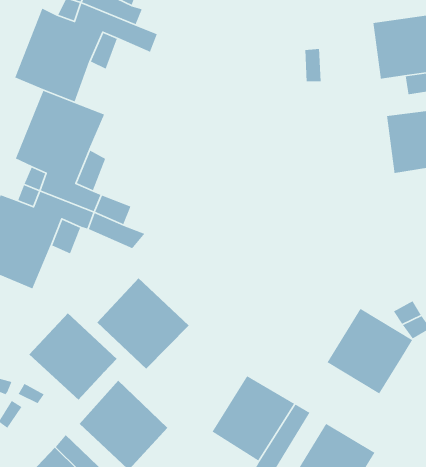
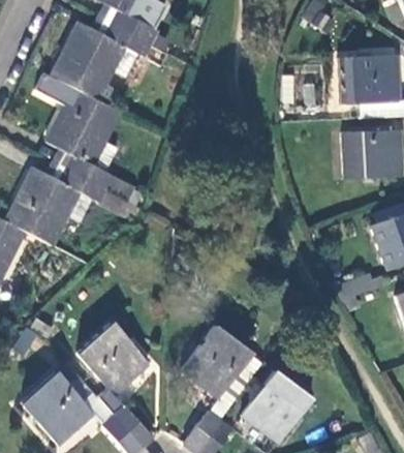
building: [97,278,190,369] -> none
building: [327,308,413,395] -> none
building: [29,313,118,401] -> none

